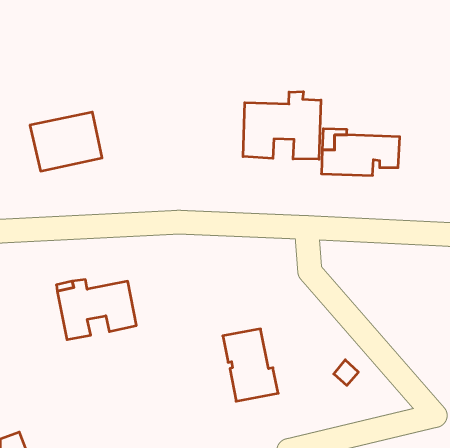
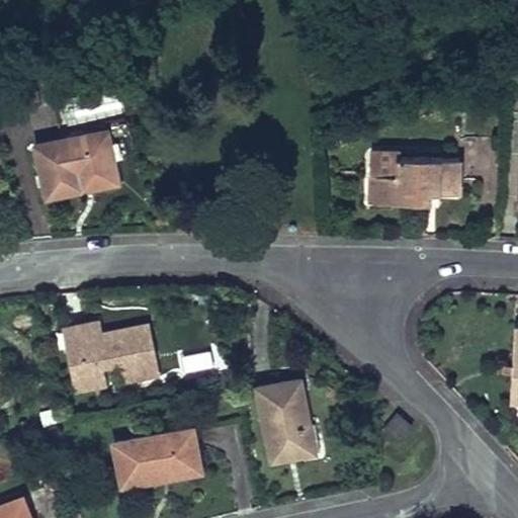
building: [243,92,321,159] -> none
building: none -> [114,429,199,487]

